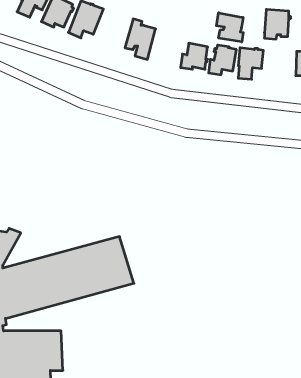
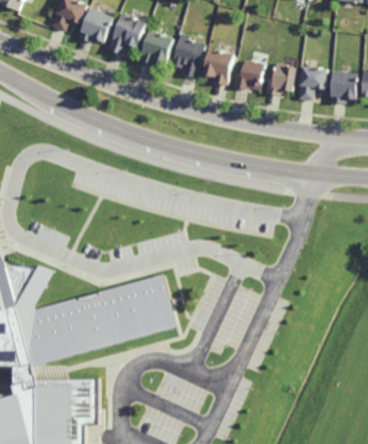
building: [264,9,291,39] -> [328,69,357,102]
building: [216,13,243,42] -> none
building: none -> [138,29,172,63]
building: none -> [201,47,233,85]

